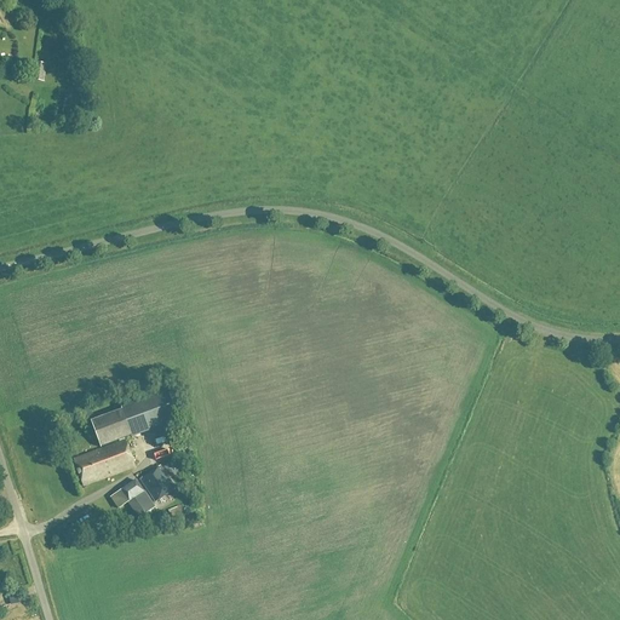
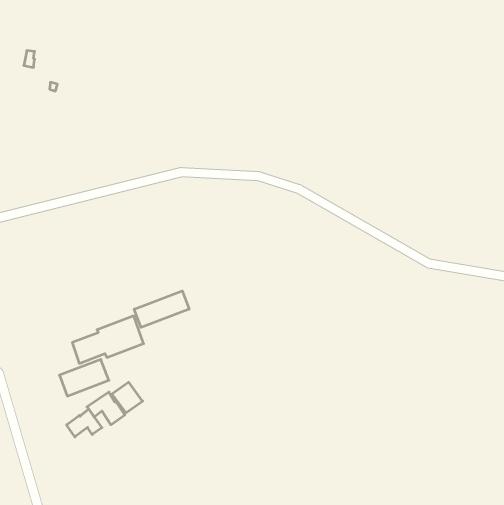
building: none -> [134,291,189,327]
building: none -> [67,409,102,437]

